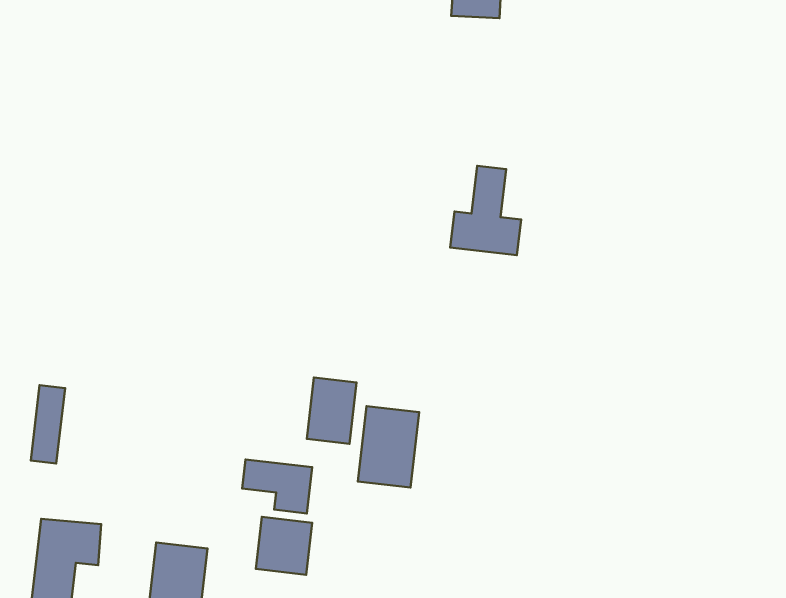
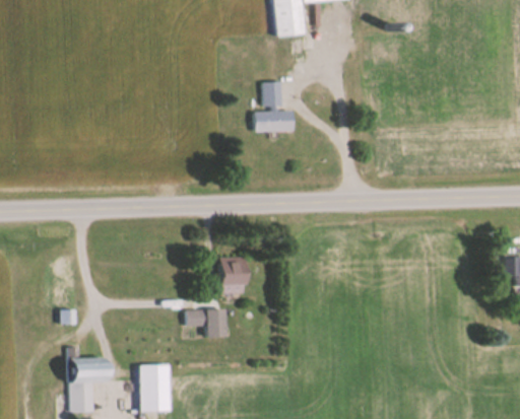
building: [450,166,521,255] -> [254,81,294,131]
building: [358,406,419,488] -> none
building: [256,517,312,575] -> none

